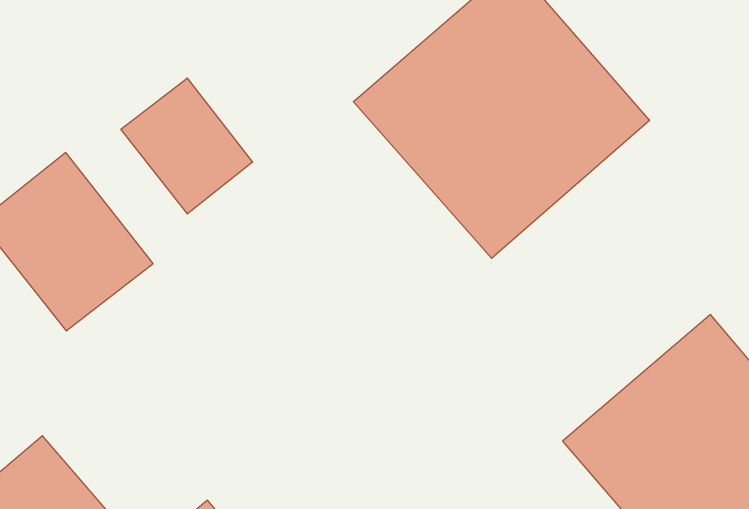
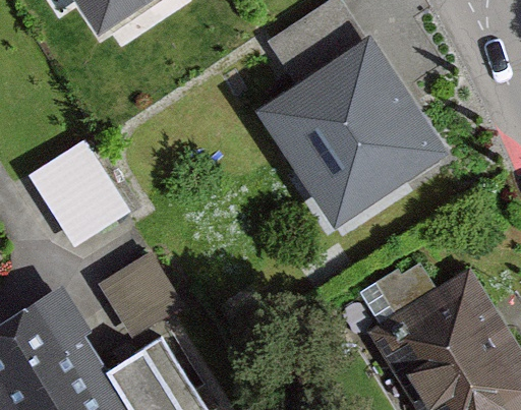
building: [121,78,253,214] -> none
building: none -> [95,253,178,339]

